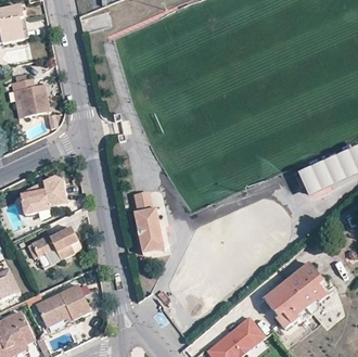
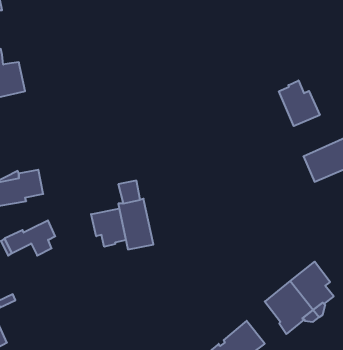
building: none -> [279,80,320,126]
building: none -> [91,208,126,247]
building: [36,283,90,326] -> none

